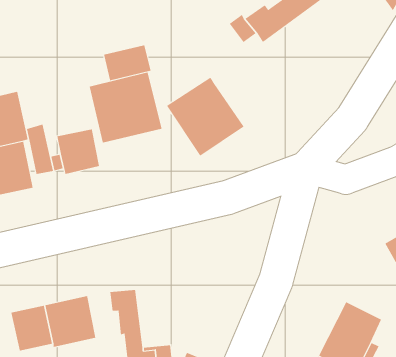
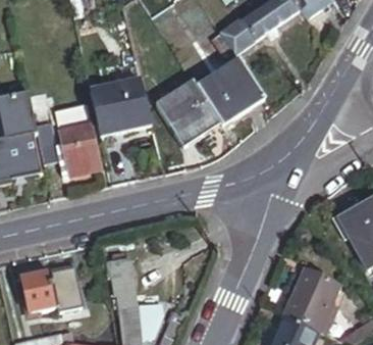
building: [103,44,151,81] -> none
building: none -> [195,54,264,120]

